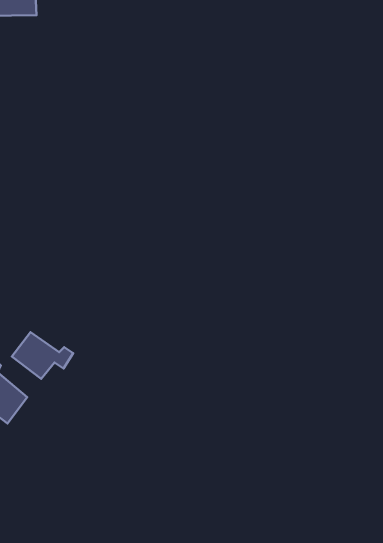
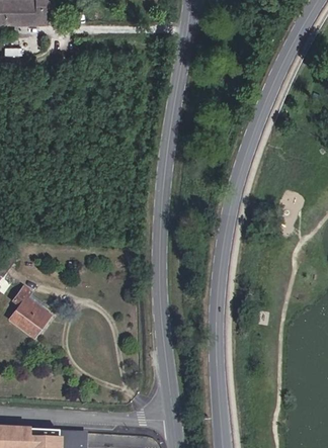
building: [12,332,73,379] -> none

